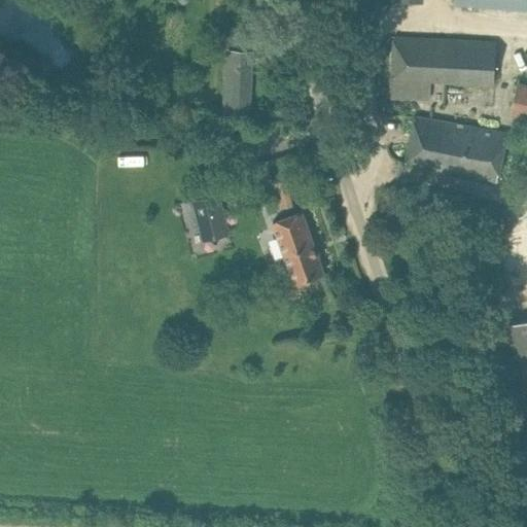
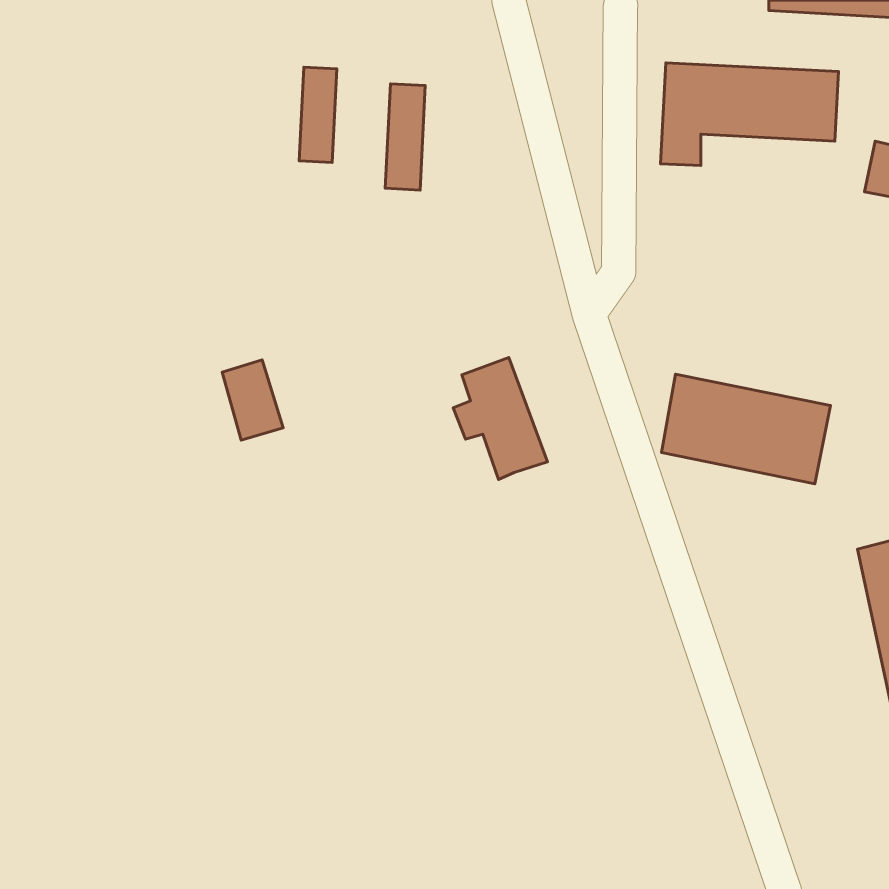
building: none -> [299,67,337,163]
building: [407,117,506,182] -> [661,374,831,484]
building: [194,194,230,241] -> [222,360,283,440]

